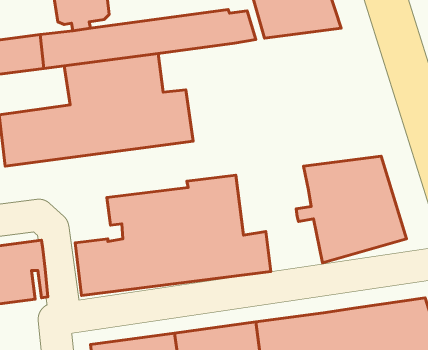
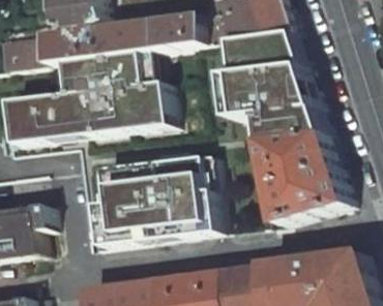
building: none -> [219,30,324,144]

